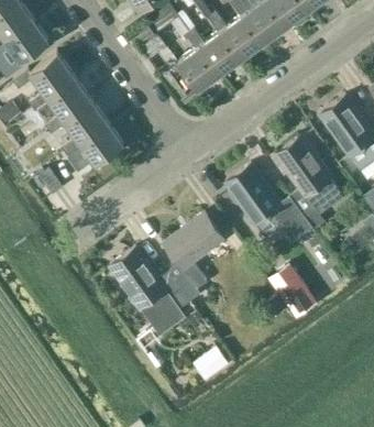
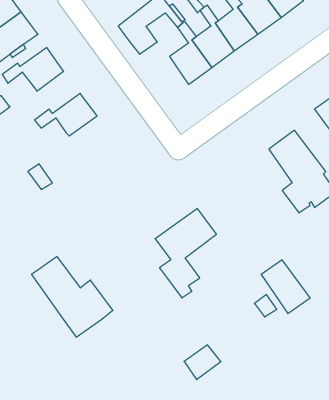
building: [30,78,90,120] -> none
building: [62,122,122,164] -> none
building: [226,165,306,233] -> none
building: [110,249,190,328] -> [32,257,113,337]

